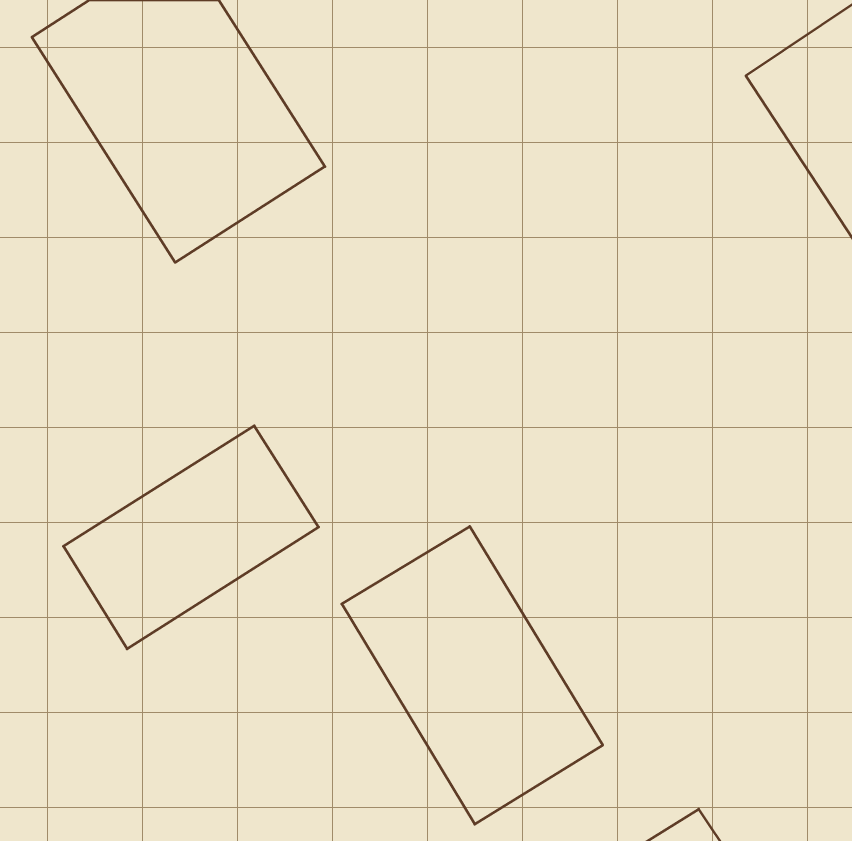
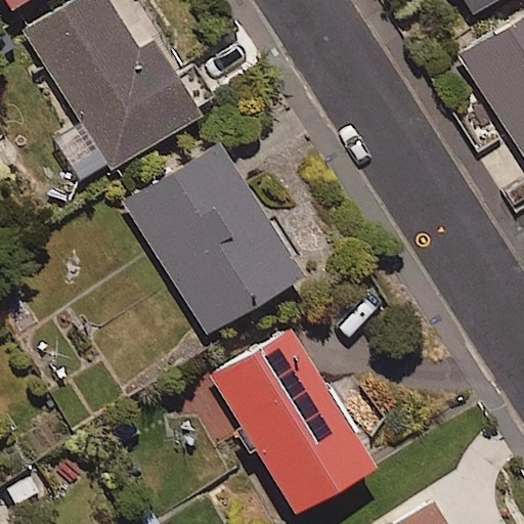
building: none -> [124,143,301,333]
building: [63,426,319,649] -> none

